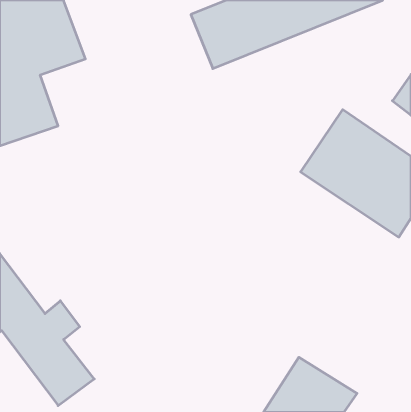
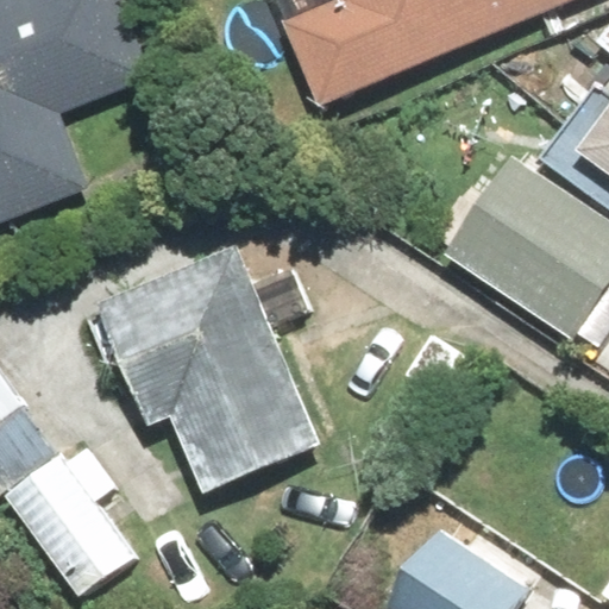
building: none -> [103,257,312,486]

